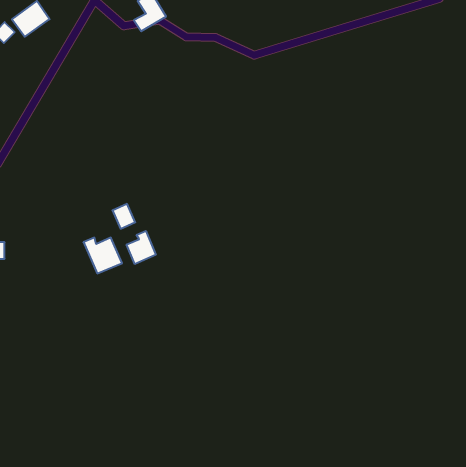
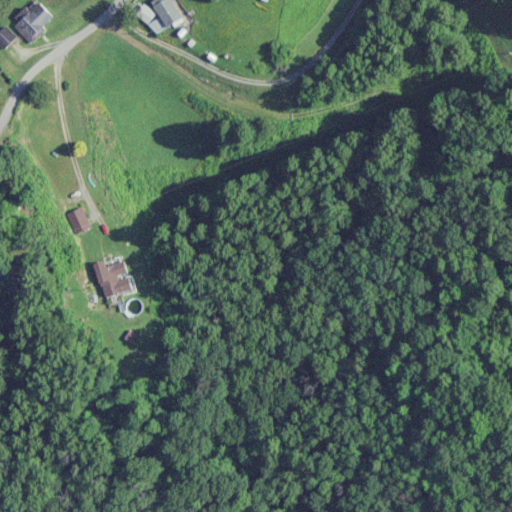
building: [112,204,135,229] -> [65,206,90,233]
building: [127,231,156,264] -> none

